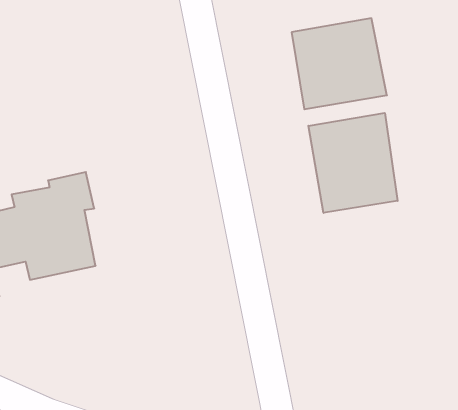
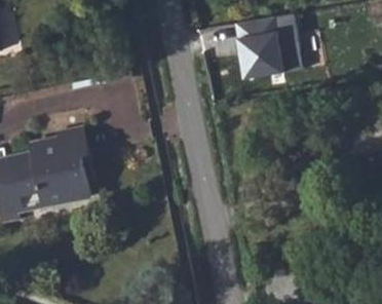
building: [308,113,398,213] -> none

